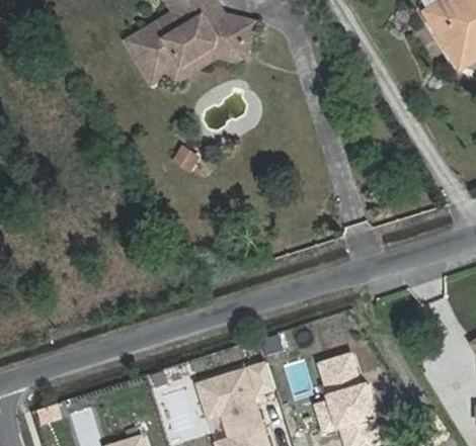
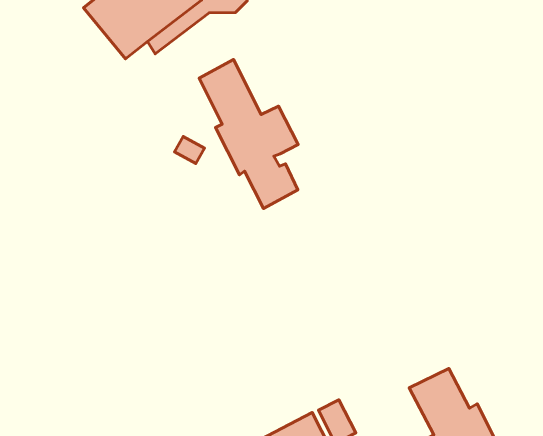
building: none -> [199,59,298,208]

